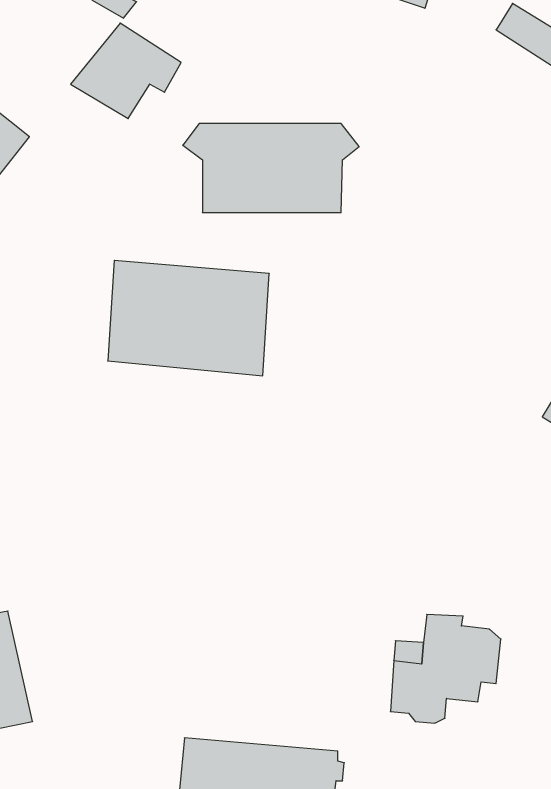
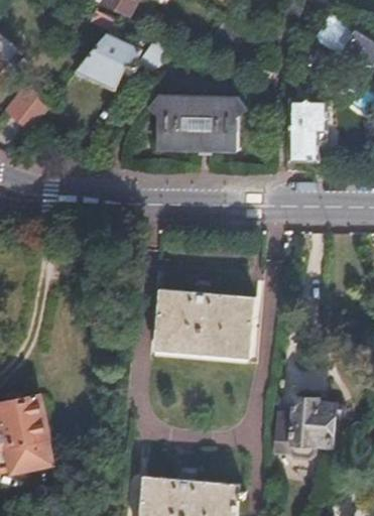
building: none -> [290,96,326,158]
building: [108,260,269,376] -> [156,285,255,356]

